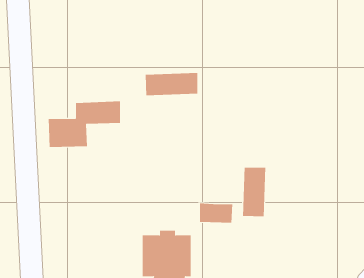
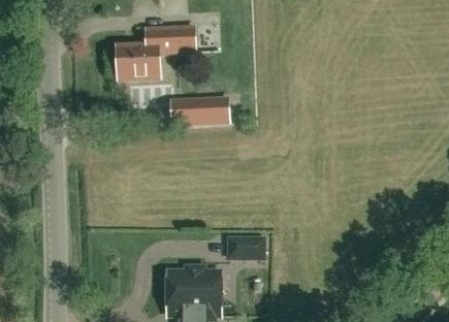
building: [48,101,121,148] -> [116,27,193,76]
building: [243,167,266,217] -> none

